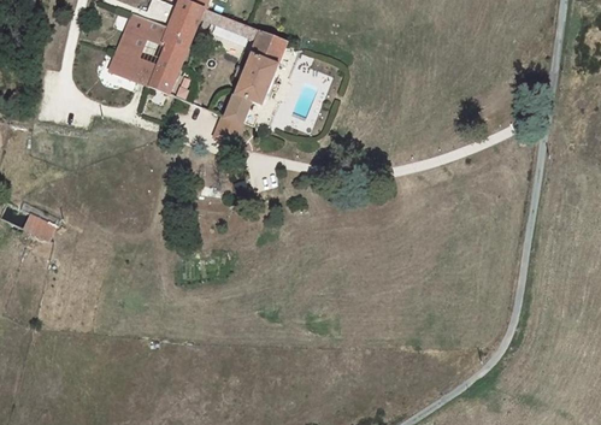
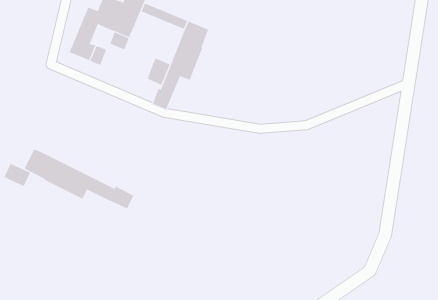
building: [148,59,178,94] -> [147,58,170,85]
building: none -> [24,148,134,209]

